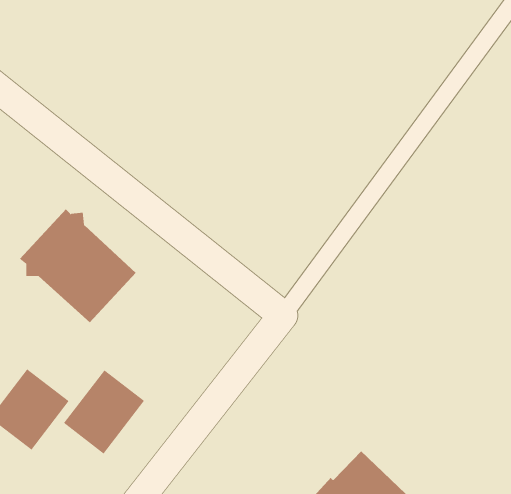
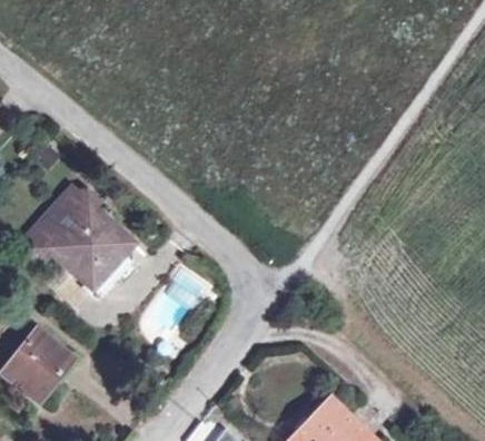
building: [63,369,145,454] -> none

